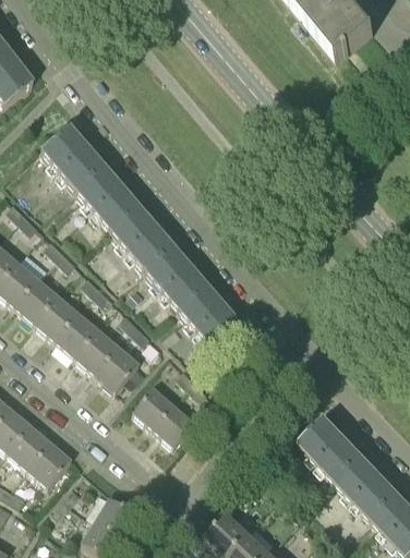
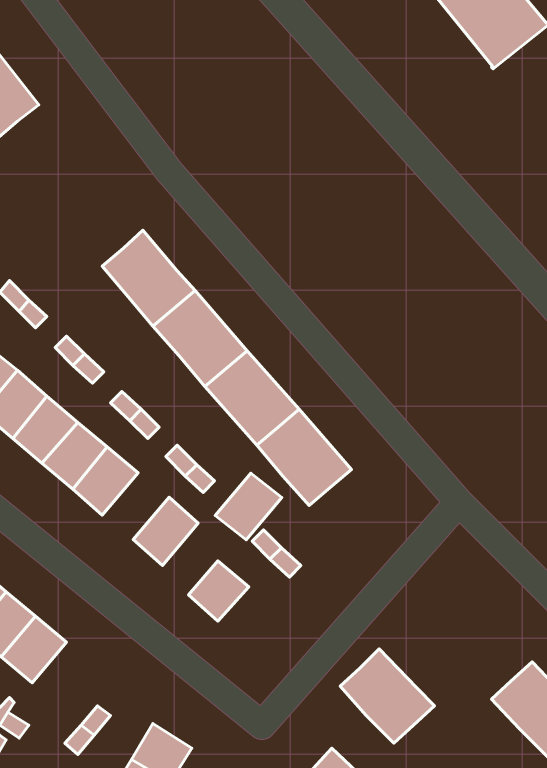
building: [40,128,103,192] -> none
building: [75,330,120,375] -> [215,473,282,540]
building: [153,407,194,447] -> none
building: [300,418,363,482] -> [340,649,435,743]
building: [28,444,71,487] -> none

